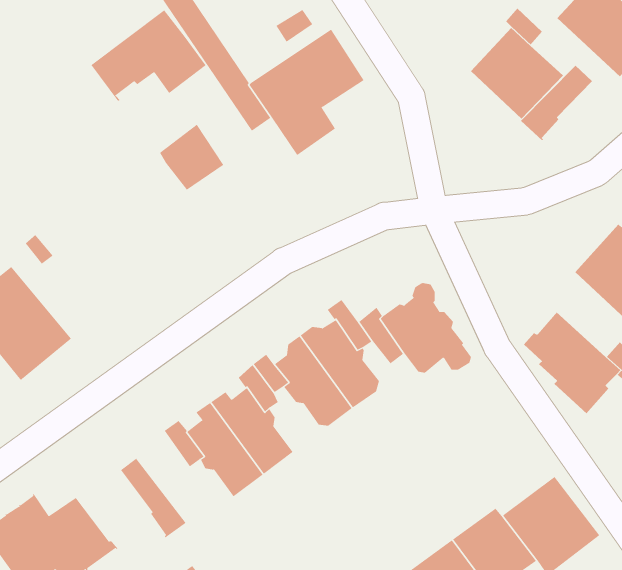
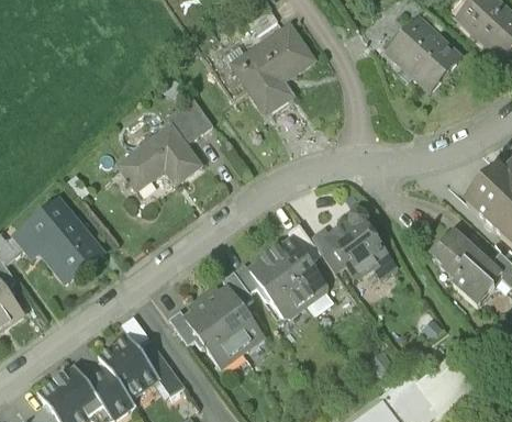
building: [90,9,207,102] -> [115,123,200,190]
building: [520,65,593,141] -> none
building: none -> [97,332,159,398]

